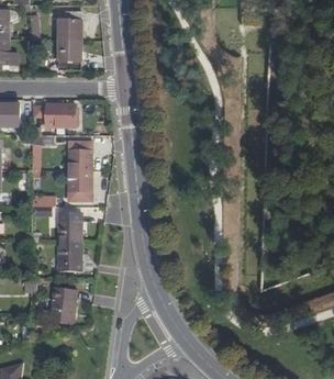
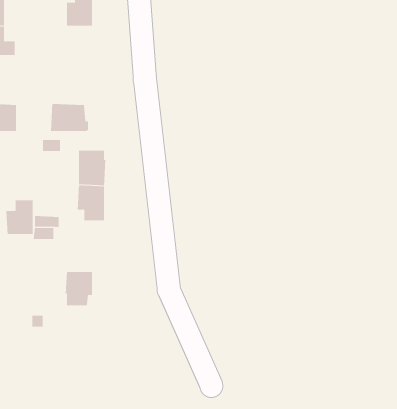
building: [59,40,81,68] -> none
building: [58,213,81,242] -> [5,200,33,234]
building: [51,287,77,323] -> none

